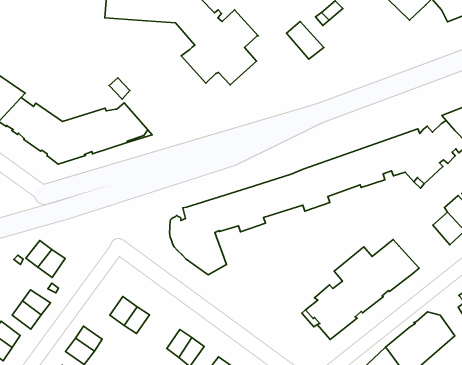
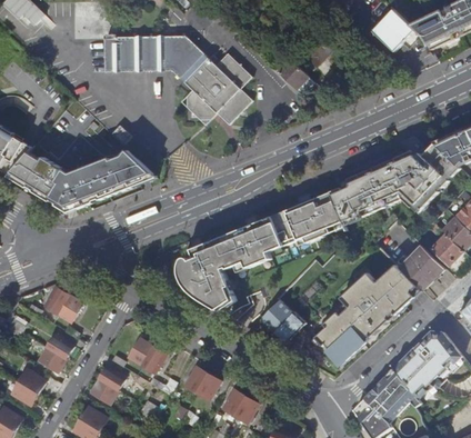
building: none -> [400,245,443,289]
building: none -> [260,298,304,341]

